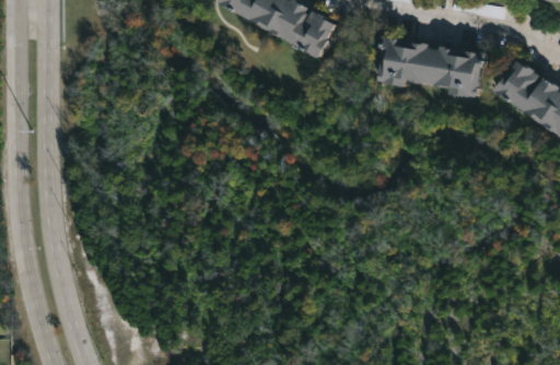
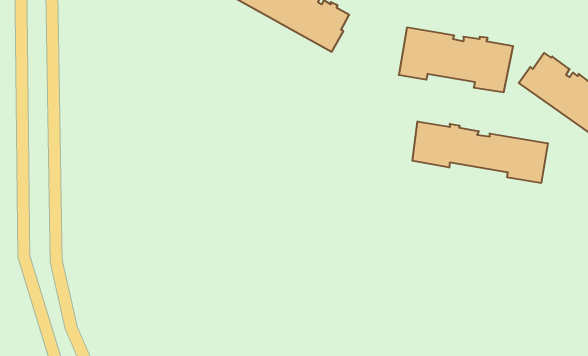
building: none -> [413,121,548,183]

